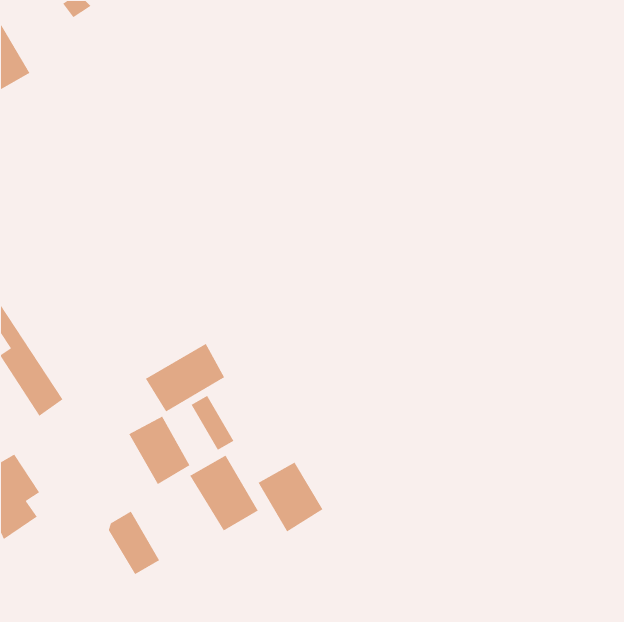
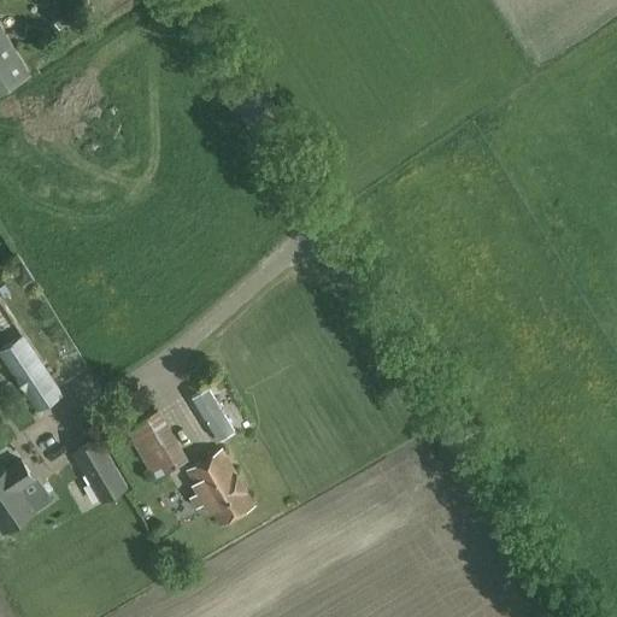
building: [145,343,225,412] -> none
building: [258,461,324,532] -> none
building: [108,510,160,575] -> [76,440,128,504]

